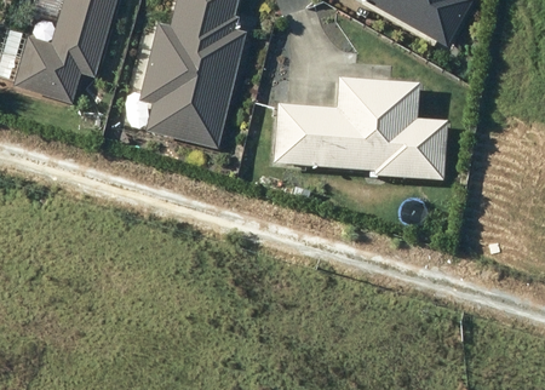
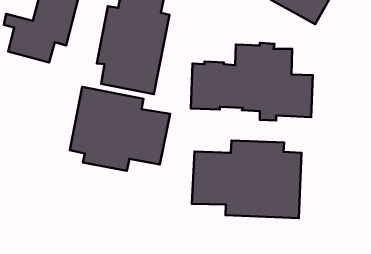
building: none -> [70,87,170,171]
building: none -> [192,140,301,218]

